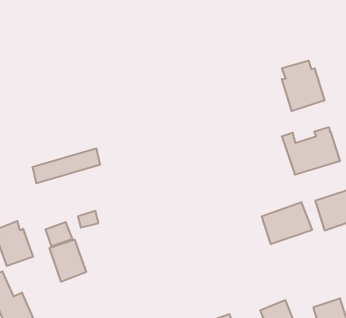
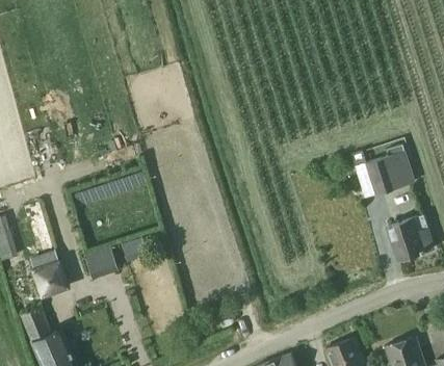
building: [282,61,324,111] -> none
building: [262,202,312,244] -> none
building: [49,240,86,282] -> none

